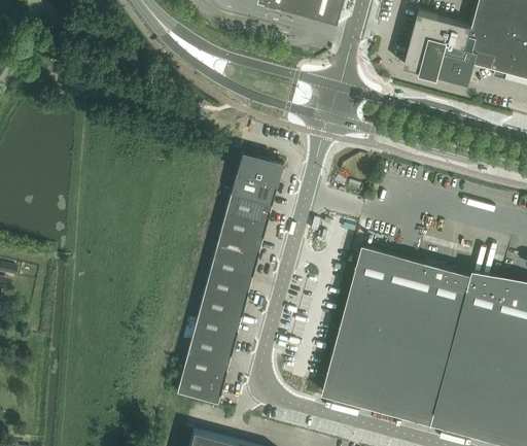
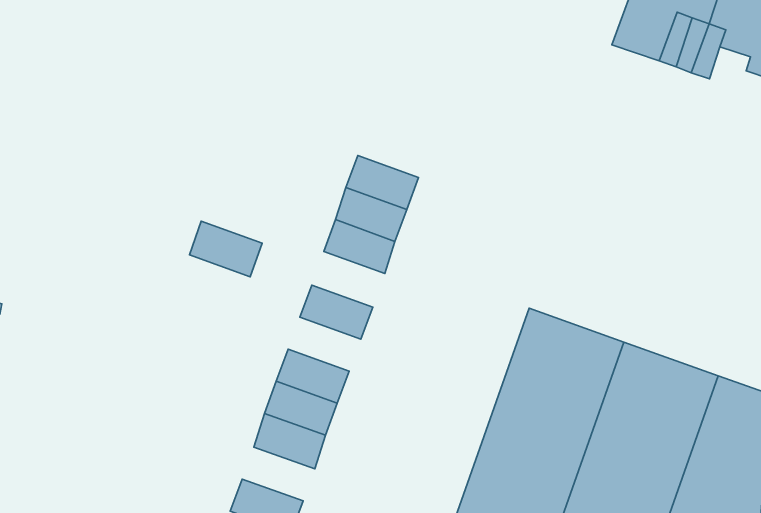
building: [219,218,267,252] -> [189,221,262,277]
building: [207,263,254,296] -> none
building: [183,350,231,383] -> none

